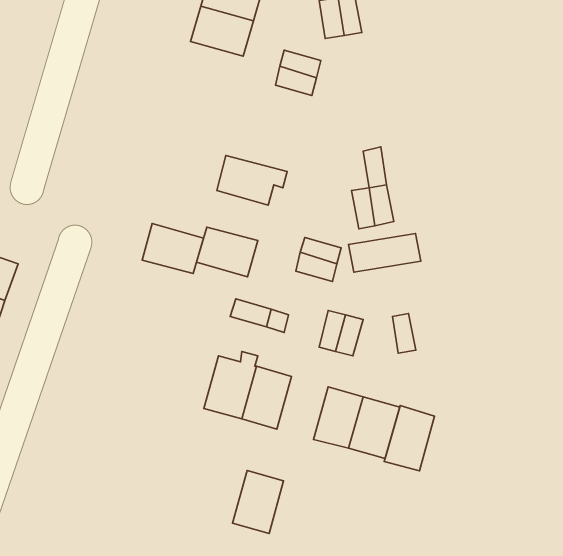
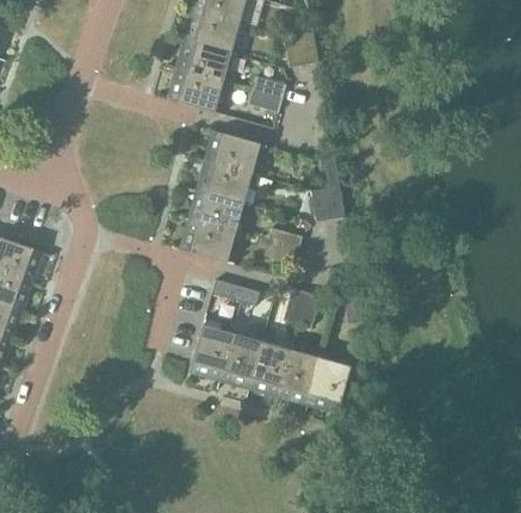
building: none -> [170,68,222,110]
building: none -> [207,130,261,174]
building: [142,224,203,273] -> [192,190,242,230]
building: [349,233,421,272] -> none
building: [384,405,435,471] -> none
building: [232,471,284,533] -> [249,341,291,393]

